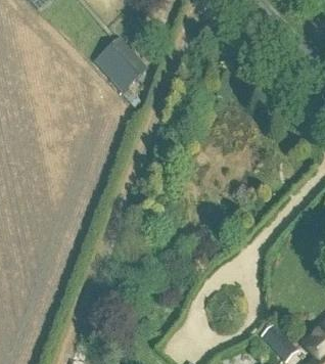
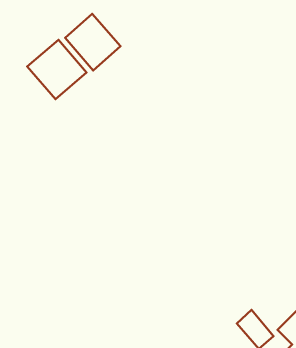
building: none -> [27,40,87,99]

